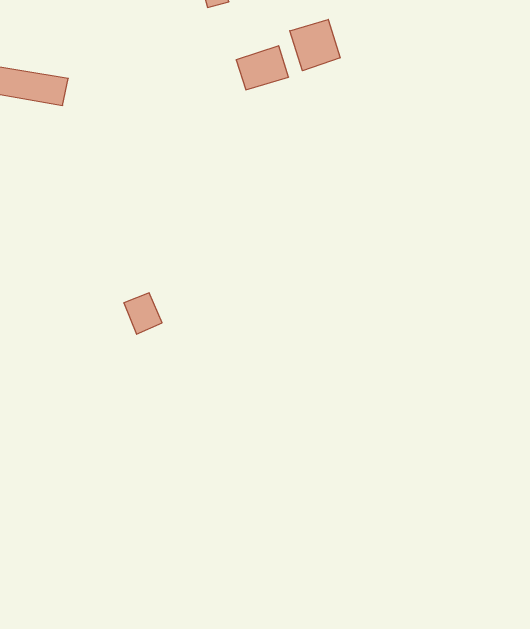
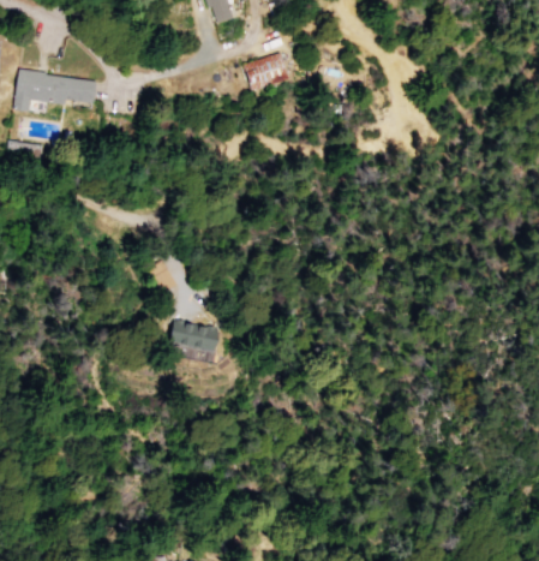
building: [290,19,340,71] -> none
building: none -> [161,320,216,354]

